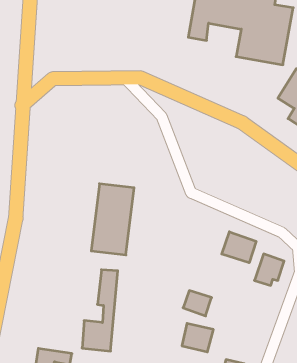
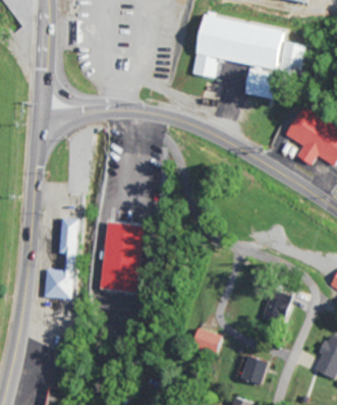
building: [222,232,256,263] -> none
building: [82,270,118,351] -> [46,218,81,300]
building: [182,323,213,352] -> [235,355,267,384]

